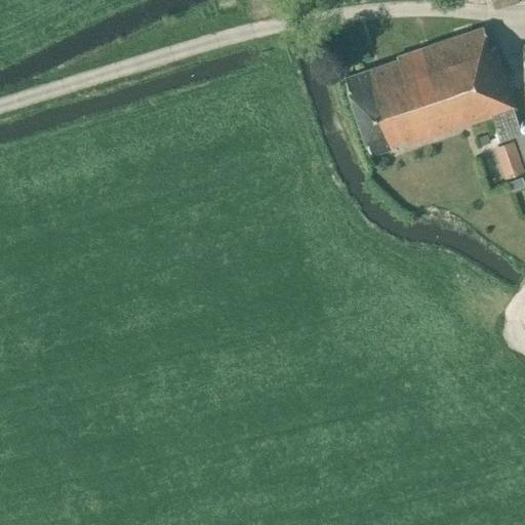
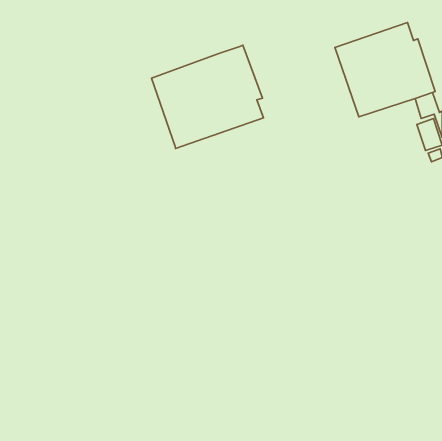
building: none -> [152,45,264,148]
building: [346,59,426,156] -> none

